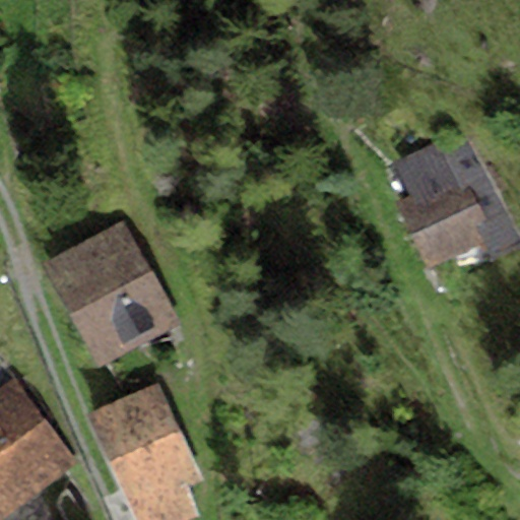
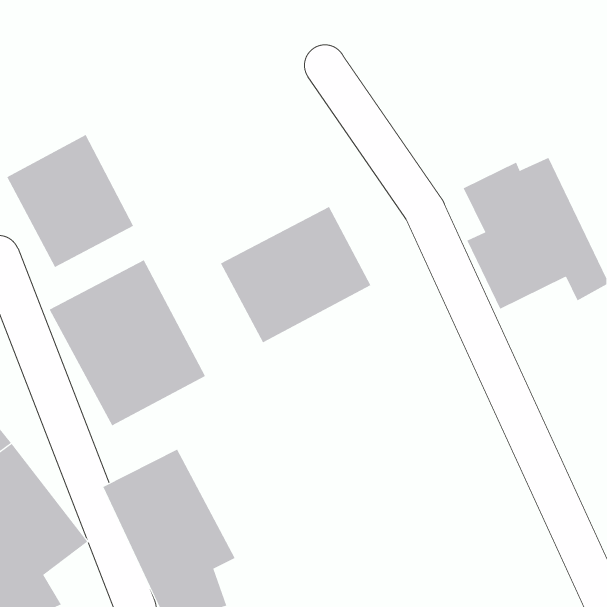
building: none -> [7,134,134,268]
building: none -> [220,206,371,343]

